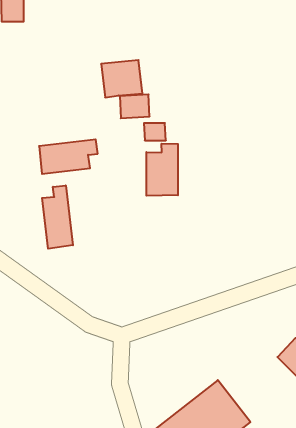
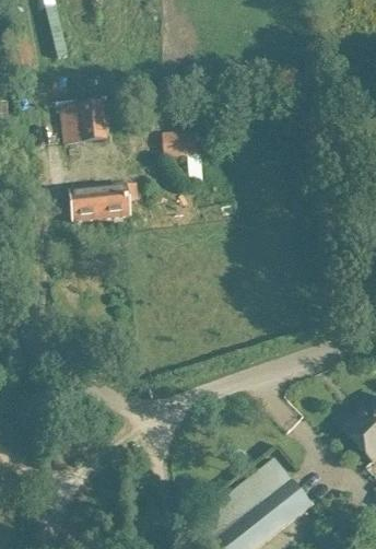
building: [101,60,142,97] -> [60,101,107,143]
building: [146,144,178,196] -> none
building: [42,185,73,249] -> none

